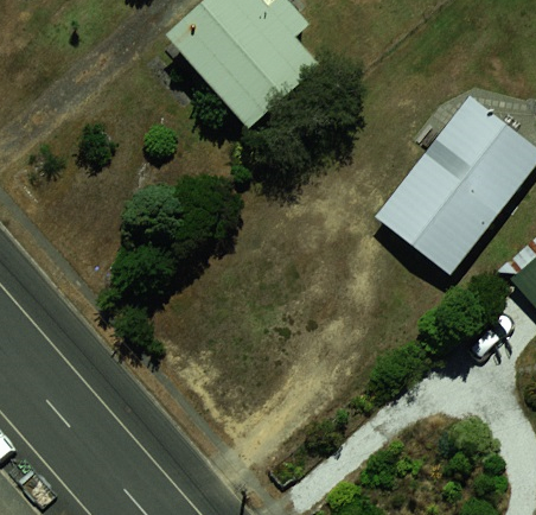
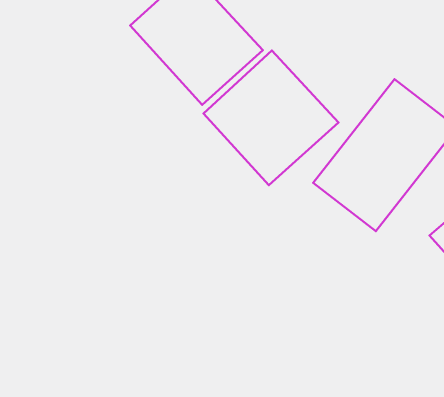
building: none -> [203,51,338,185]

